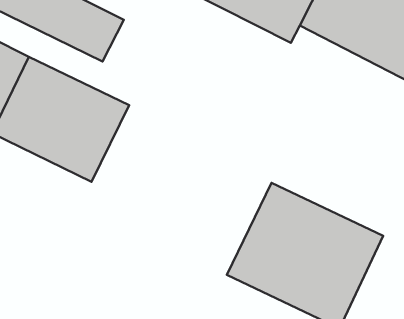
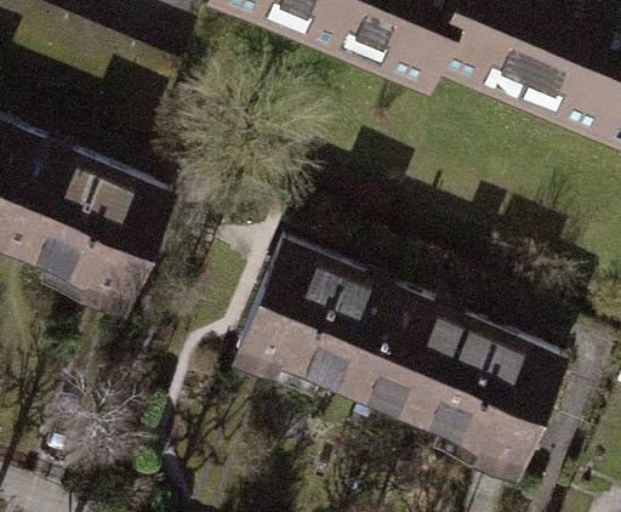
building: none -> [227,231,406,416]

